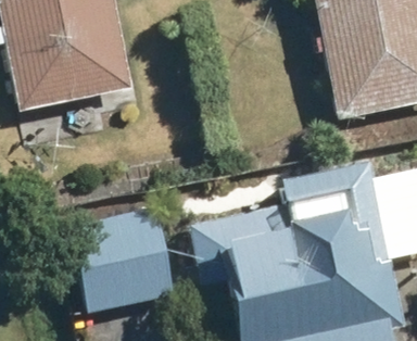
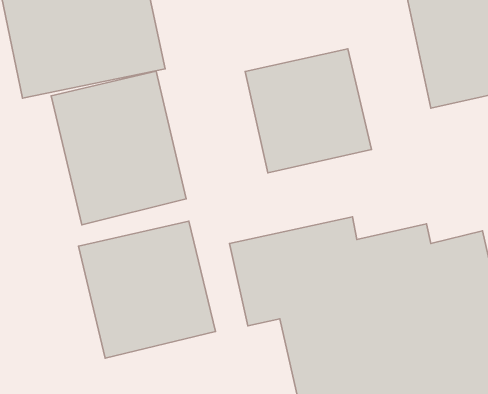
building: none -> [245,49,371,173]
building: none -> [51,71,186,225]

